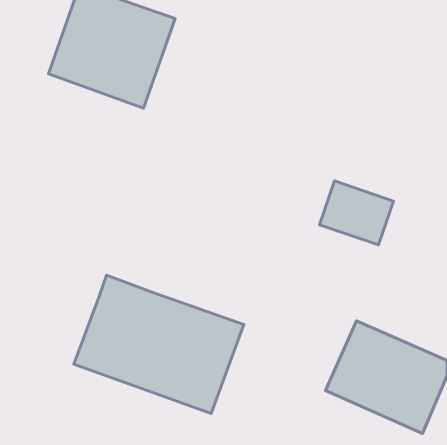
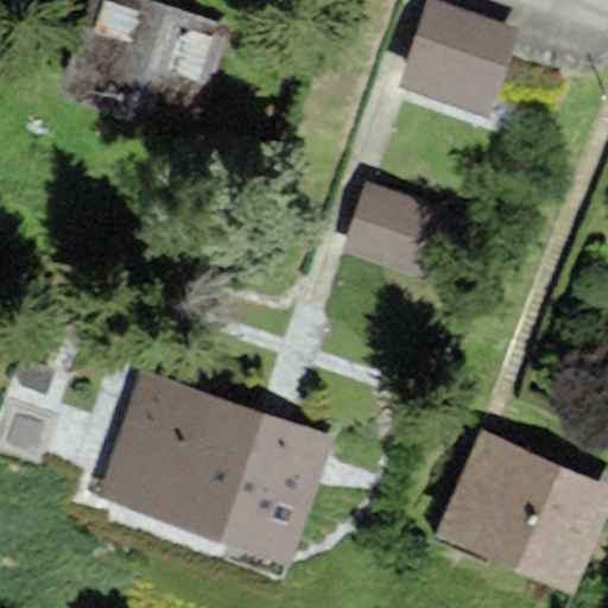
building: none -> [401,7,513,110]
building: [319,181,393,245] -> [344,186,444,273]

